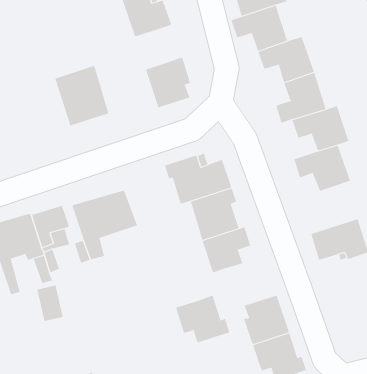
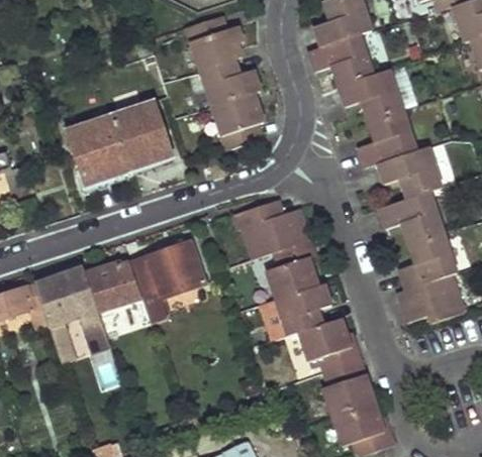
building: none -> [200,60,261,107]
building: none -> [67,117,127,186]
building: none -> [398,232,457,290]
building: [175,295,230,343] -> [299,318,361,372]

